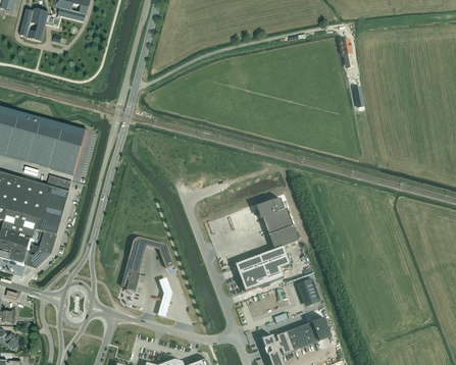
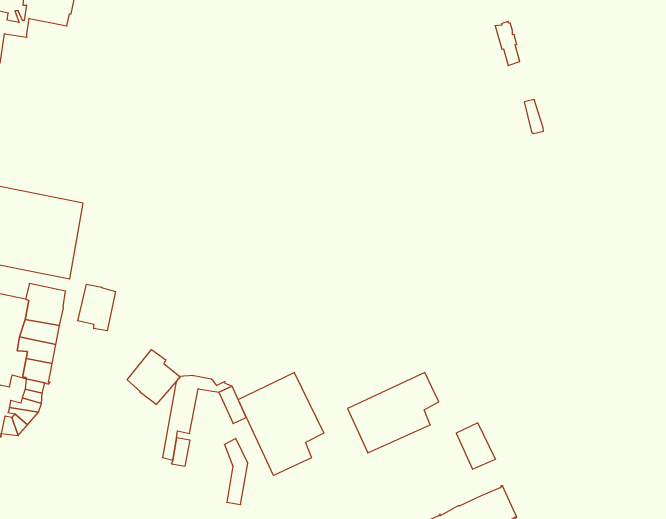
building: none -> [78,284,115,331]
building: [257,197,299,248] -> none
building: none -> [127,350,180,405]
building: none -> [238,372,324,475]

